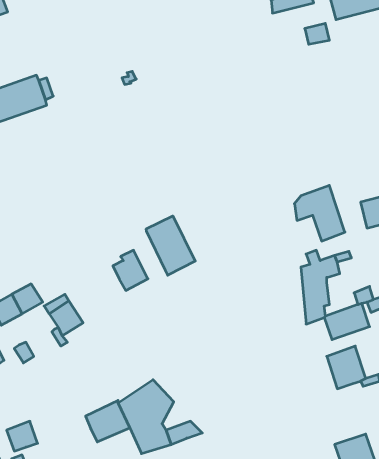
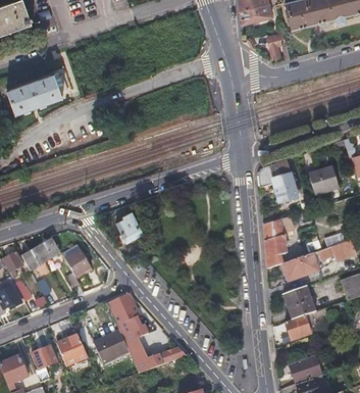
building: [146,216,195,275] -> none
building: none -> [107,292,147,331]
building: none -> [286,315,310,340]
building: none -> [56,333,88,365]

